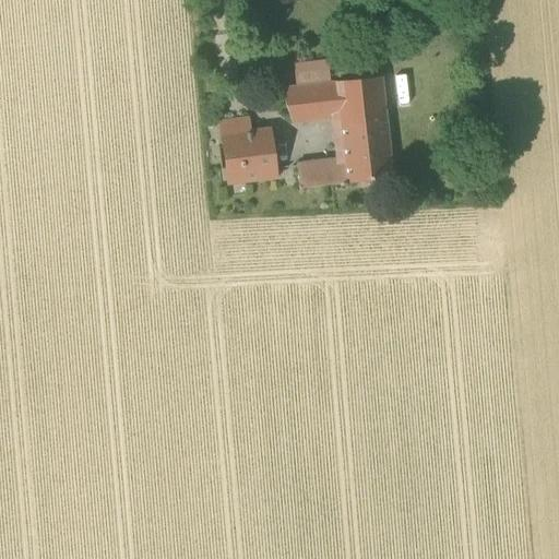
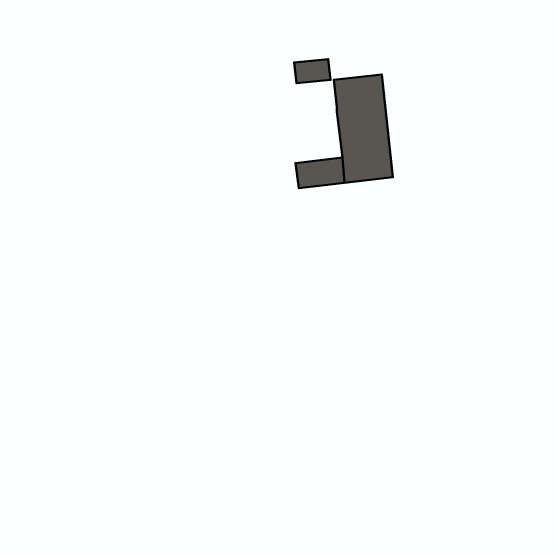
building: [282,80,337,116] -> none
building: [219,117,277,182] -> none

